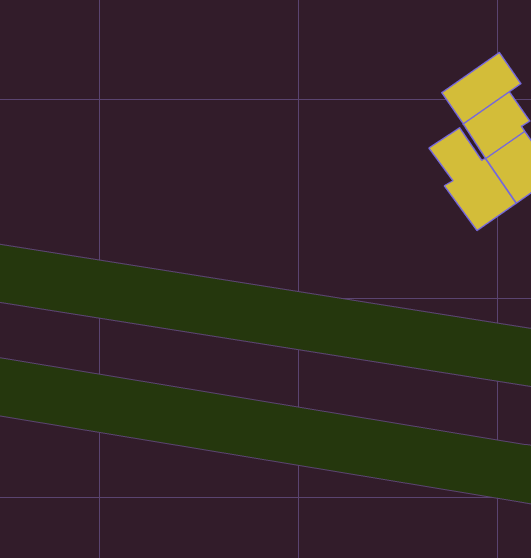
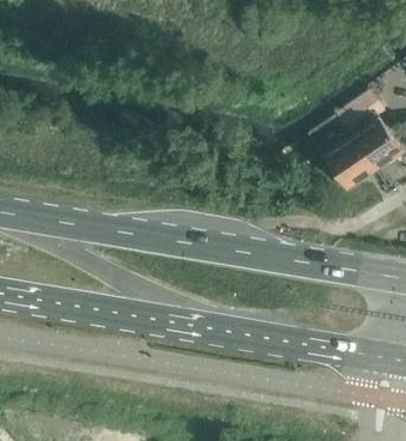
building: [442,52,521,124] -> none

